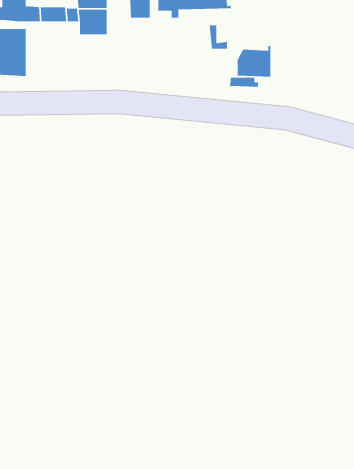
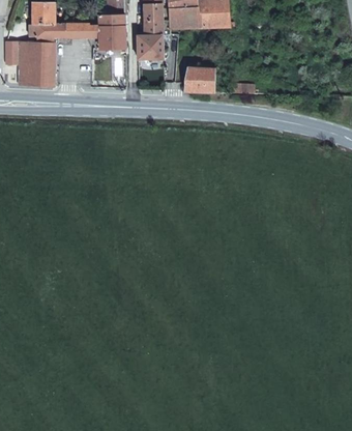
building: none -> [137,34,168,59]
building: [237,45,271,77] -> [185,64,215,92]

